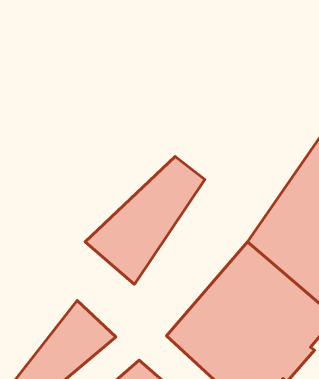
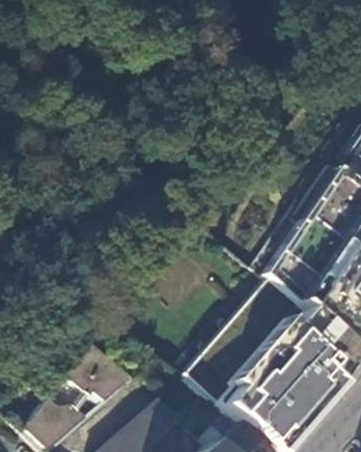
building: [85,156,205,284] -> none

